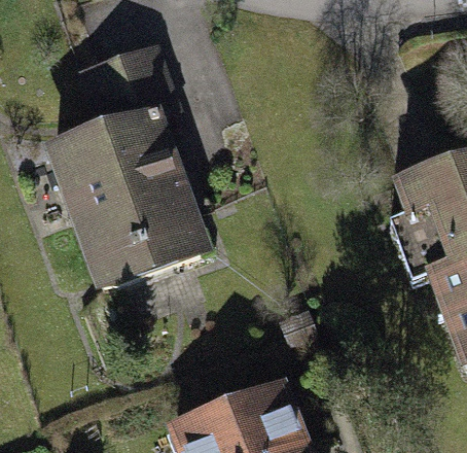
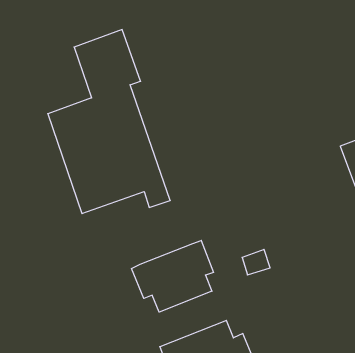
building: none -> [132,240,213,312]

